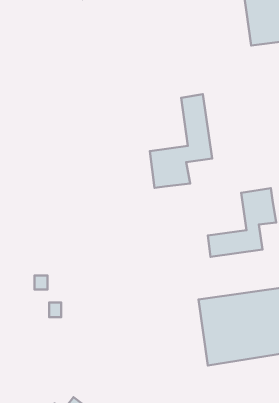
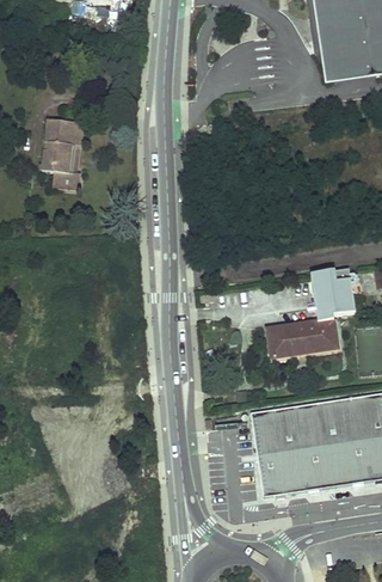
building: none -> [42,117,85,185]
building: [150,94,212,188] -> none

